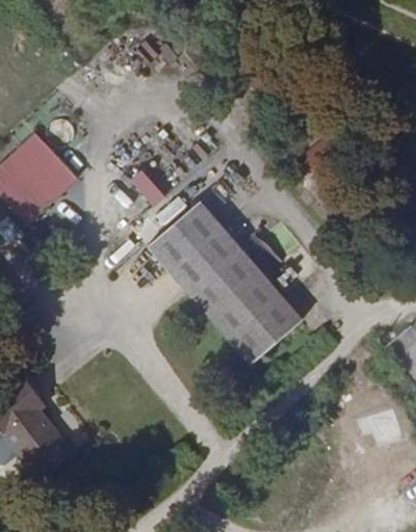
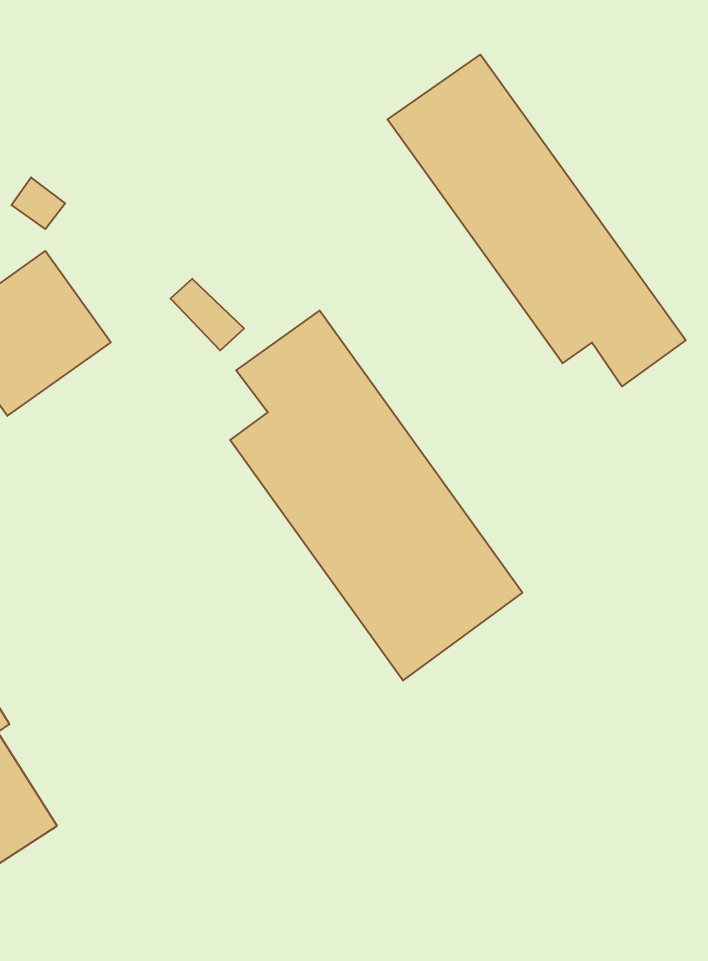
building: none -> [387,55,686,386]

